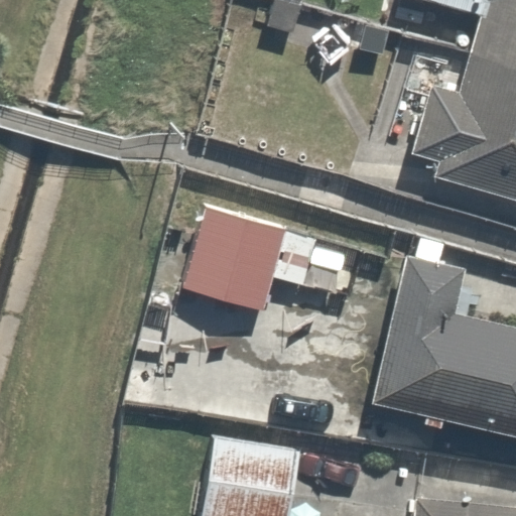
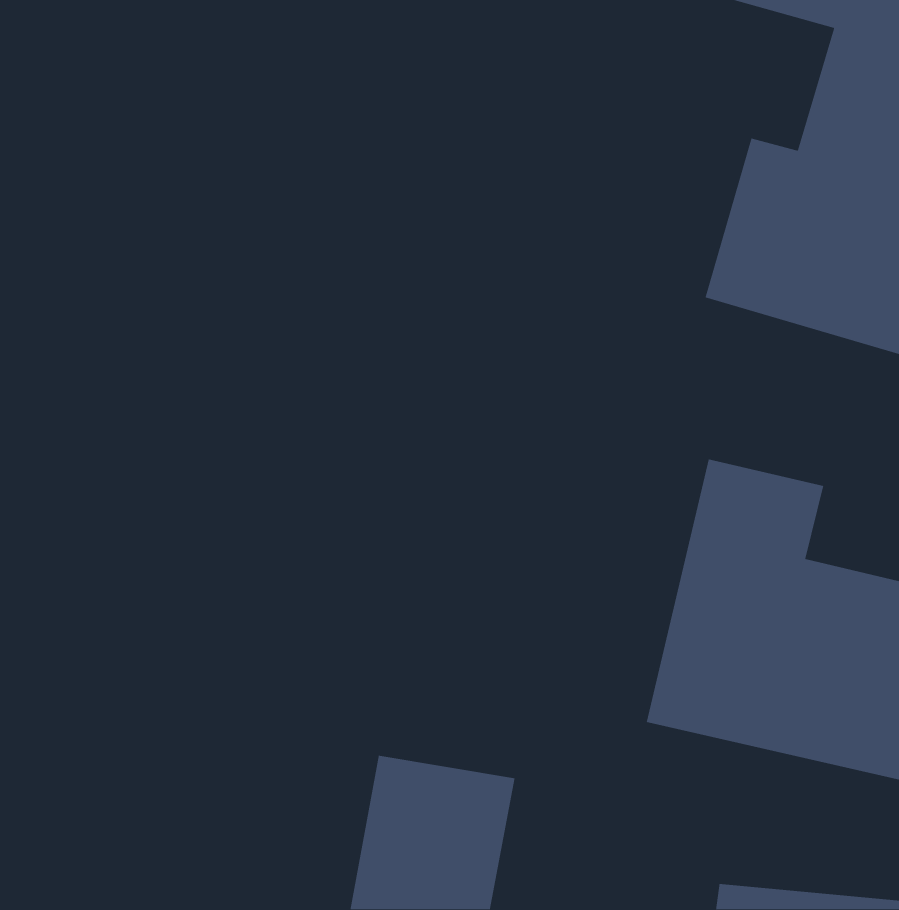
building: [182,208,354,316] -> none

